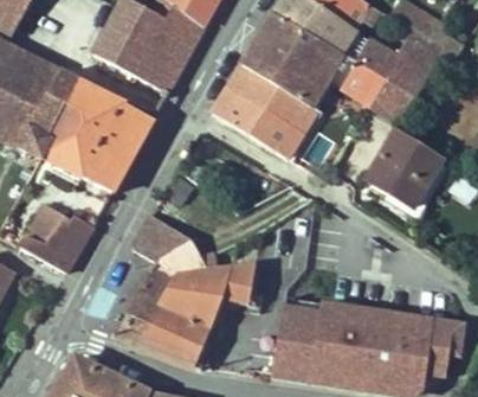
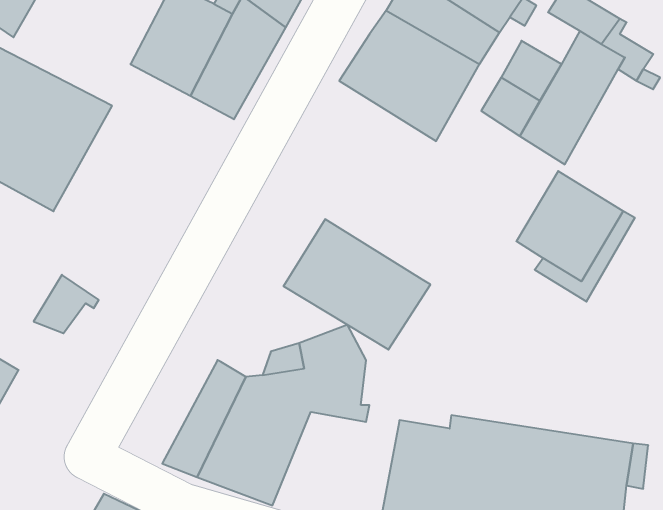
building: [212,63,316,155] -> [283,219,430,350]
building: [39,81,151,190] -> none
building: [133,212,190,262] -> none
building: [19,213,92,270] -> none

